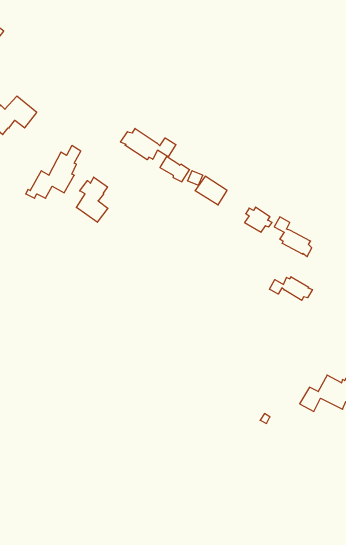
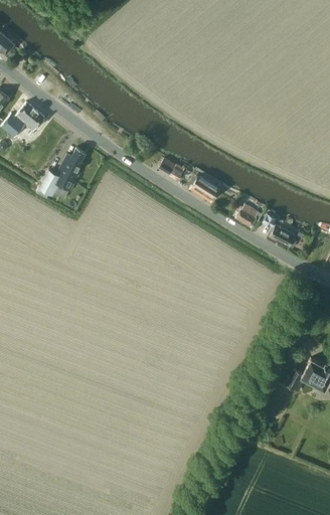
building: [120,128,176,160] -> none
building: [76,177,108,222] -> none
building: [269,277,312,300] -> none

